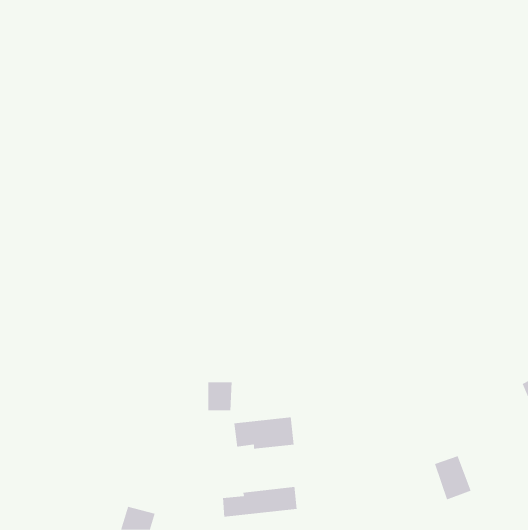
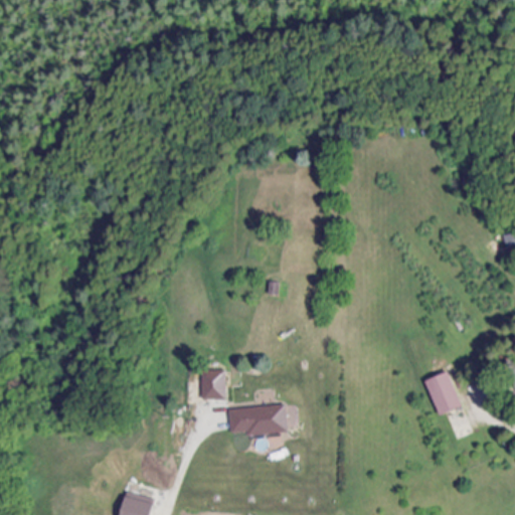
building: [434,455,472,500] -> [425,372,462,415]
building: [222,486,297,518] -> none

